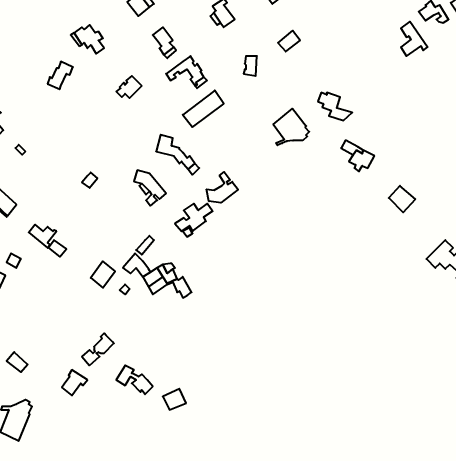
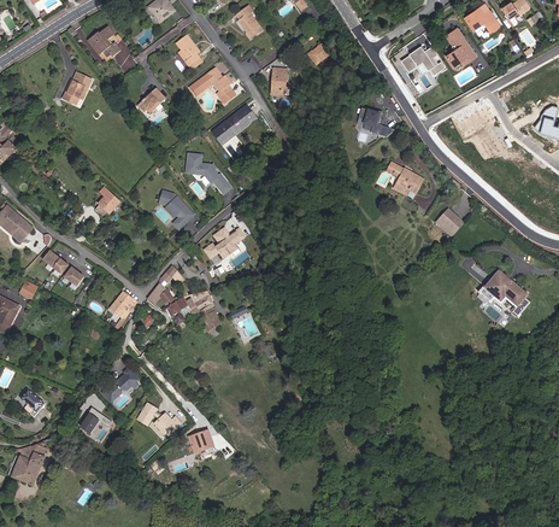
building: none -> [399,45,445,76]
building: [273,109,309,145] -> none
building: [207,172,238,203] -> none

